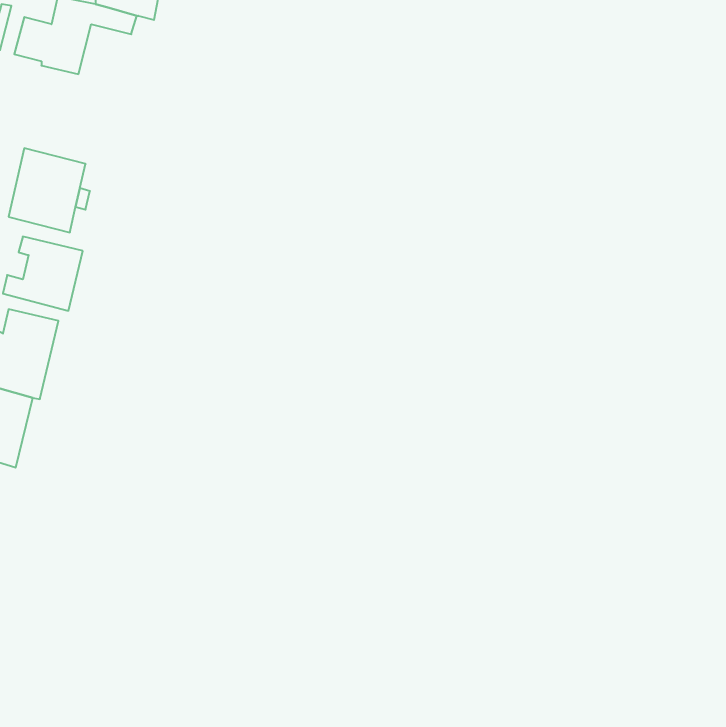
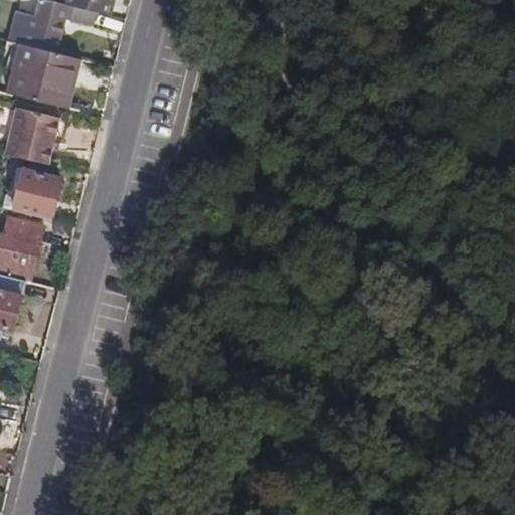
building: none -> [13,45,77,107]

